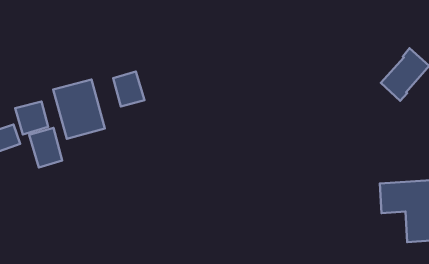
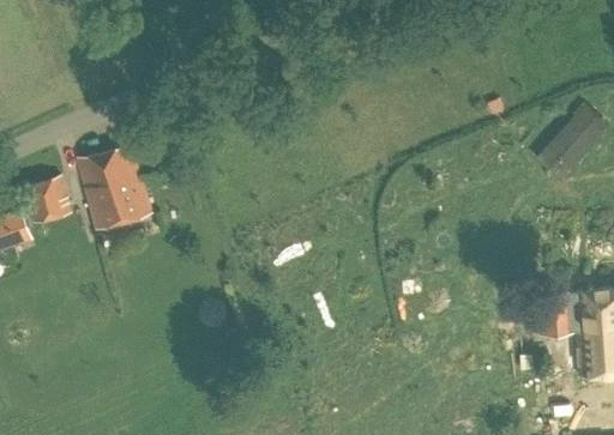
building: [113,71,144,107] -> none
building: [29,128,62,168] -> none

